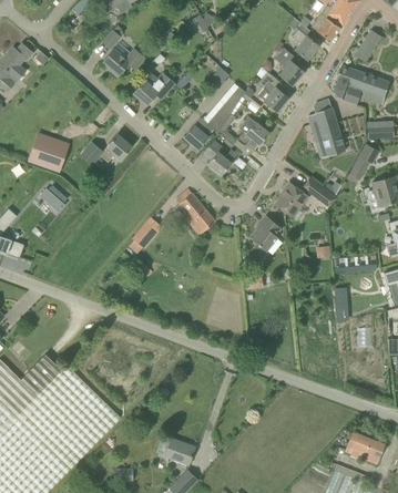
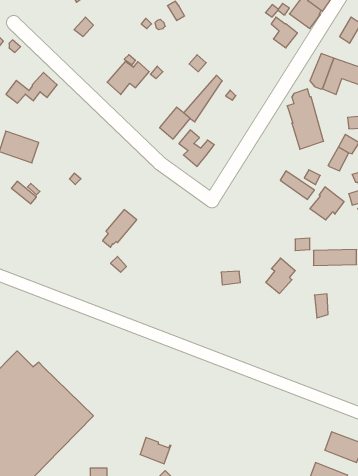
building: [102,48,144,78] -> none
building: [275,49,303,85] -> none
building: [257,72,288,112] -> none
building: [233,116,268,156] -> none
building: [81,134,131,164] -> [6,72,57,103]
building: [275,183,308,215] -> [310,187,344,220]
building: [175,189,214,236] -> none
building: [252,216,280,250] -> [266,258,295,293]

